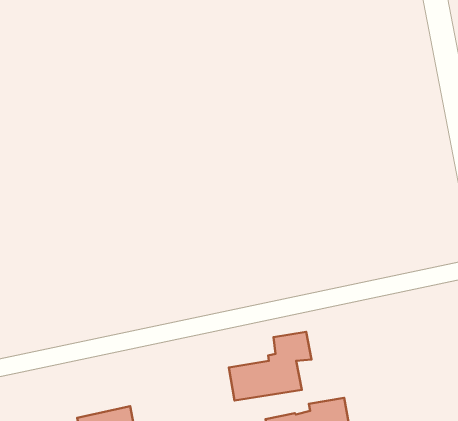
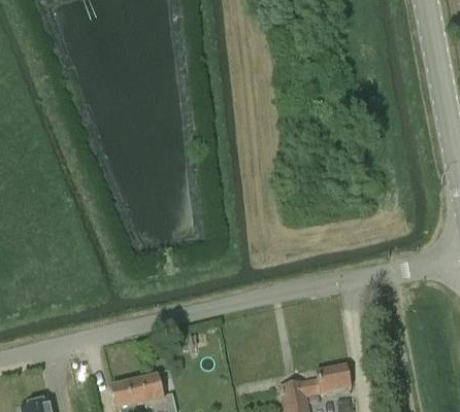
building: [229,332,311,401] -> none

